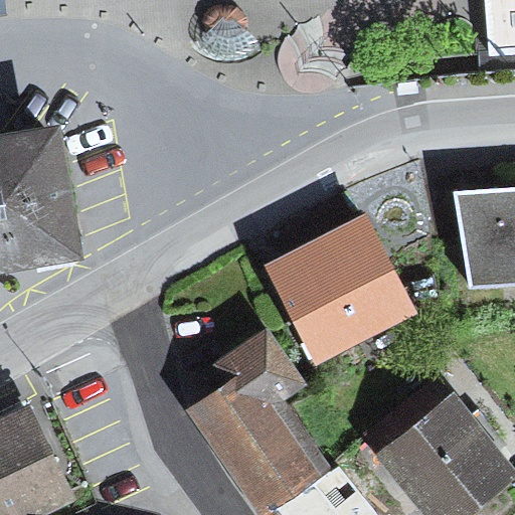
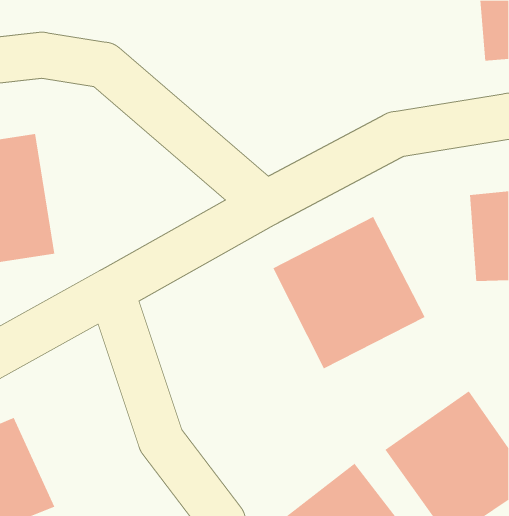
building: [200,324,309,497] -> none

